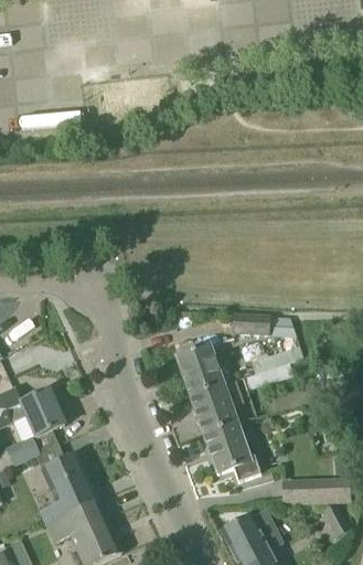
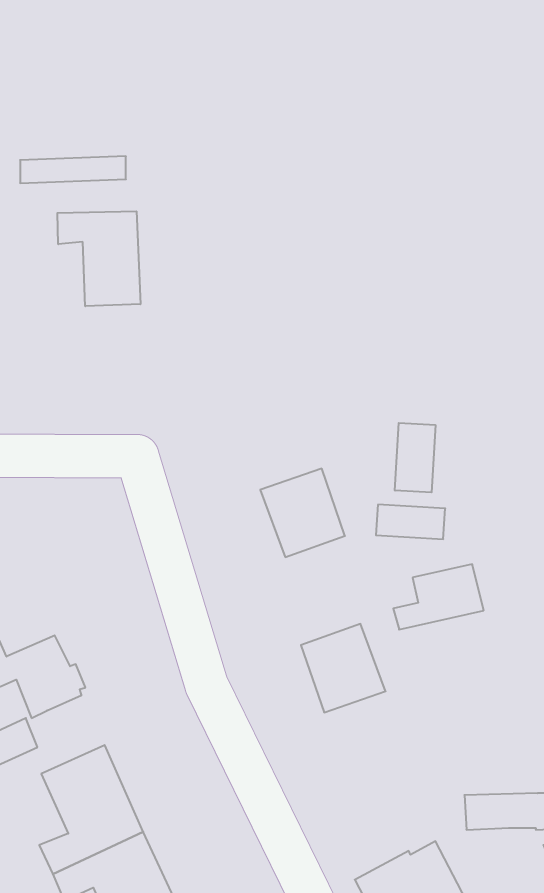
building: none -> [57,211,140,306]
building: none -> [395,423,435,492]
building: [175,343,224,394] -> [260,469,345,557]
building: [203,420,261,480] -> none

